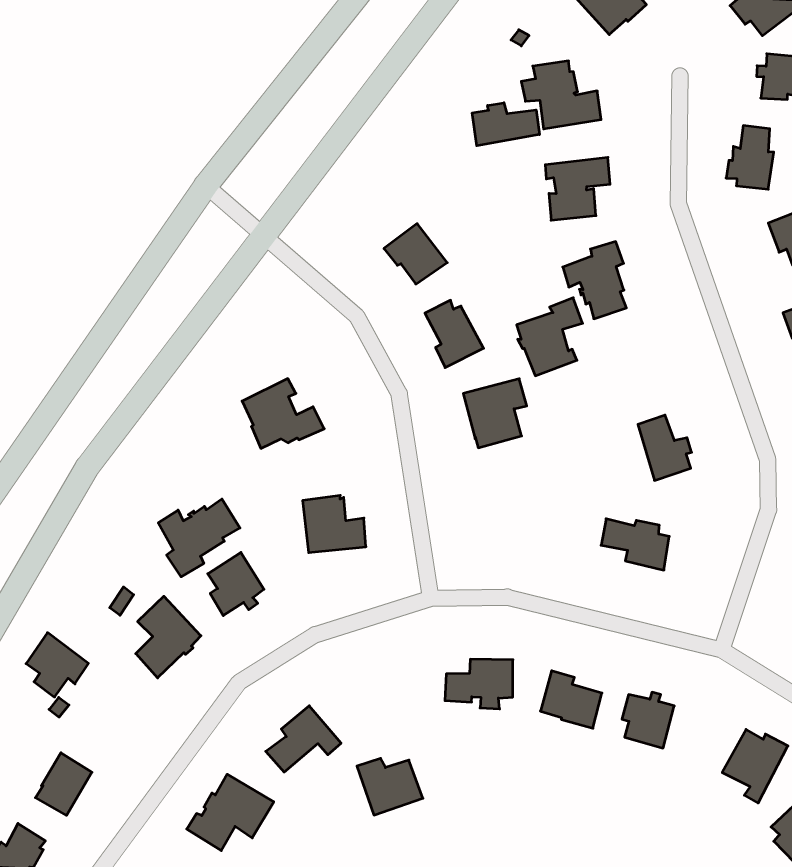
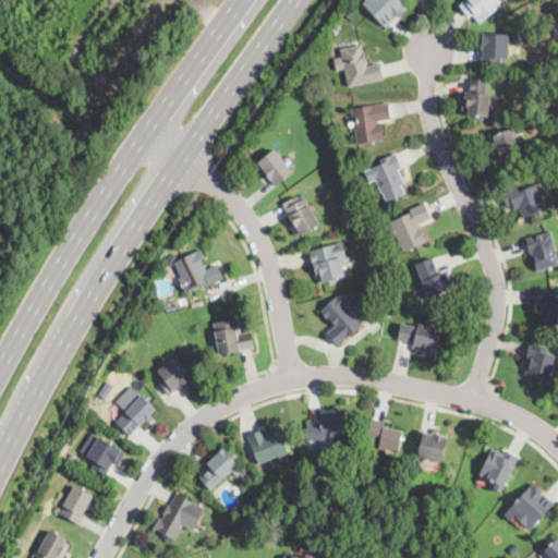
building: [472,103,539,146] -> none
building: [517,298,583,376] -> [389,203,429,252]
building: none -> [320,292,362,347]
building: [158,499,240,577] -> none
building: [26,633,88,697] -> [86,436,124,475]
building: [357,758,423,815] -> [246,429,288,464]

